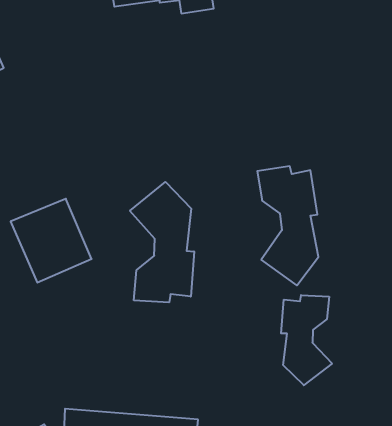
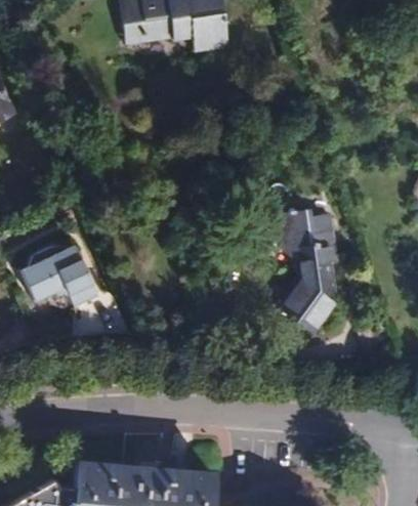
building: [130,182,194,302] -> none
building: [281,295,332,385] -> none

